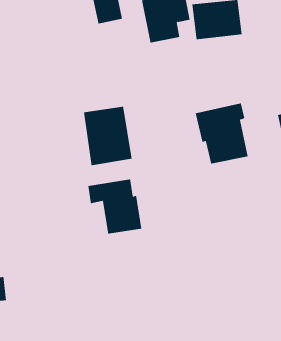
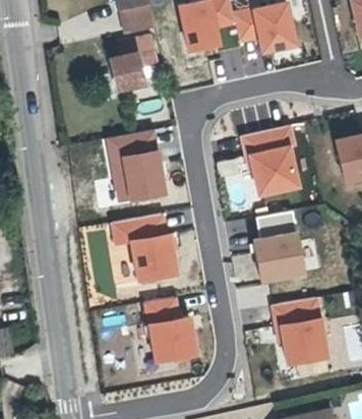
building: none -> [110,39,154,88]
building: none -> [253,208,306,280]
building: none -> [144,296,195,355]
building: none -> [275,298,329,363]

